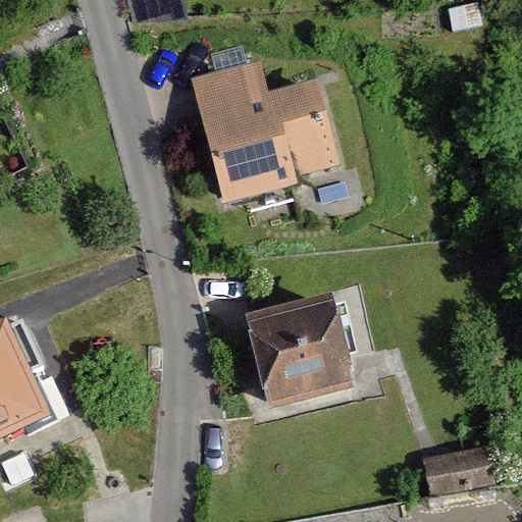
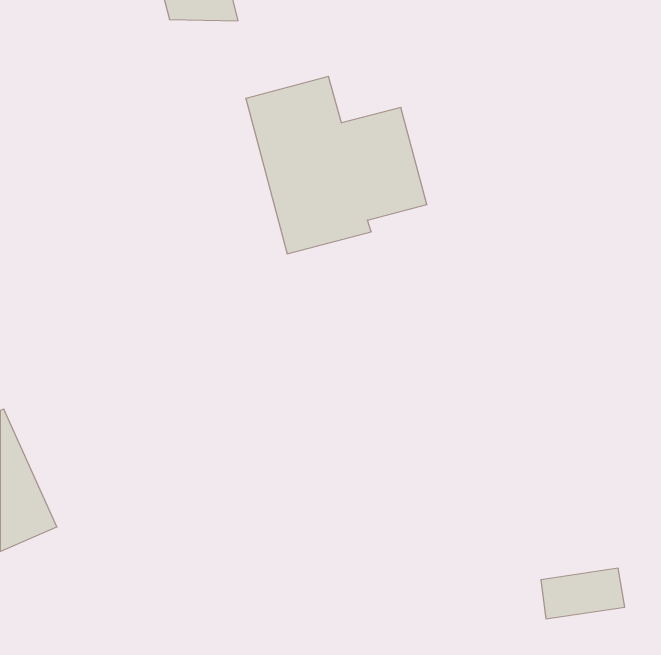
building: [248,297,351,404] -> none

